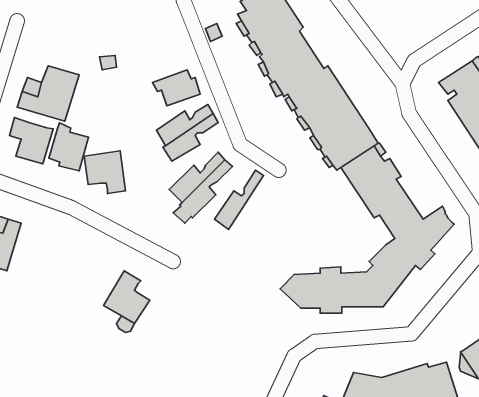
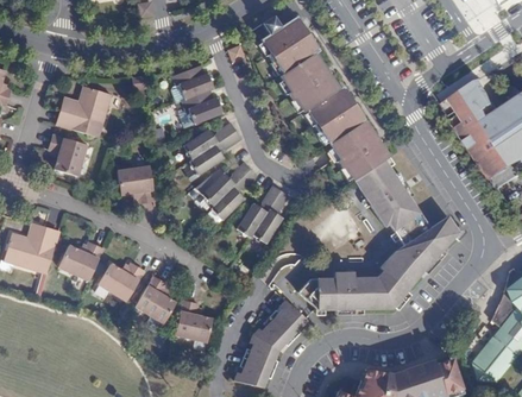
building: none -> [172,65,216,99]
building: [49,123,88,171] -> none
building: none -> [253,187,293,242]
building: none -> [59,241,103,281]
building: none -> [99,261,145,302]
building: none -> [176,298,214,342]
building: none -> [234,300,308,386]

